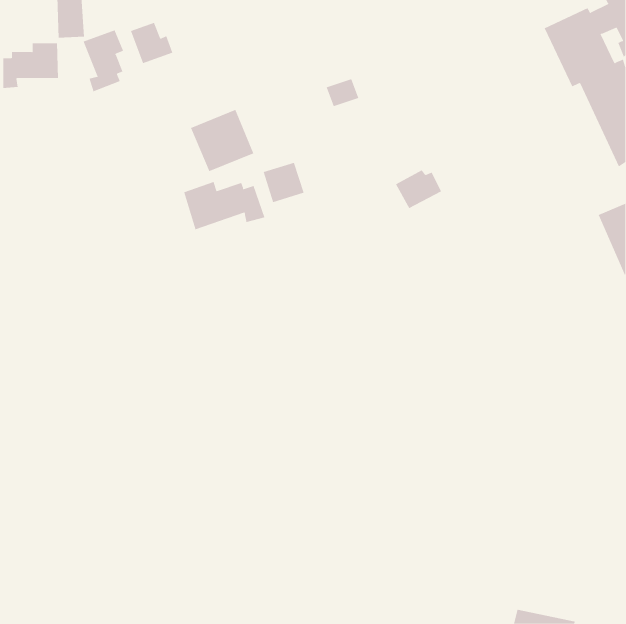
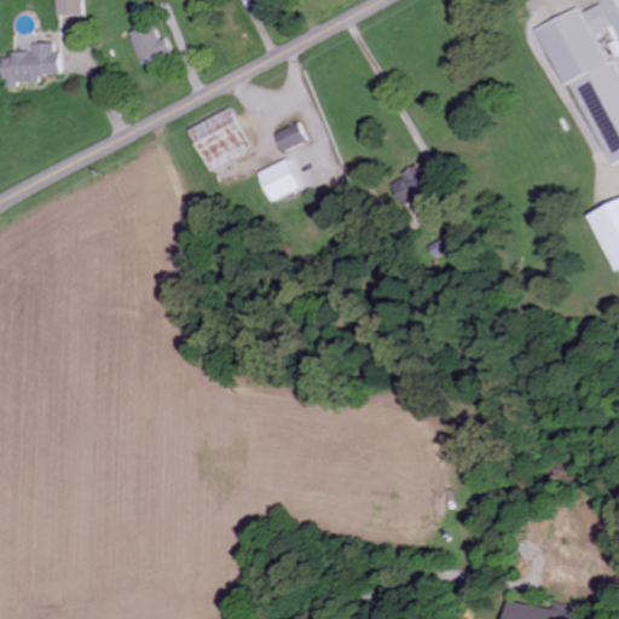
building: [83,29,124,92] -> none
building: [326,79,359,107] -> [273,122,306,150]
building: [183,181,265,230] -> none

